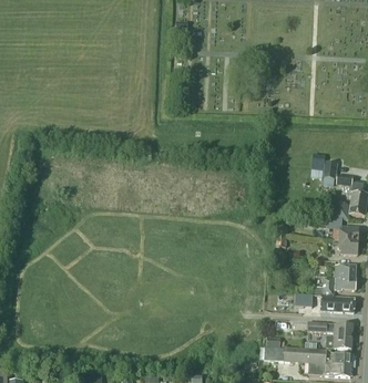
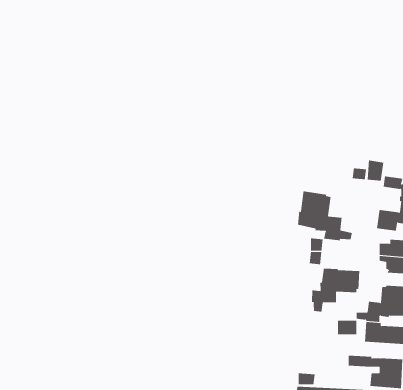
building: none -> [297,191,353,241]
building: none -> [312,268,360,312]

